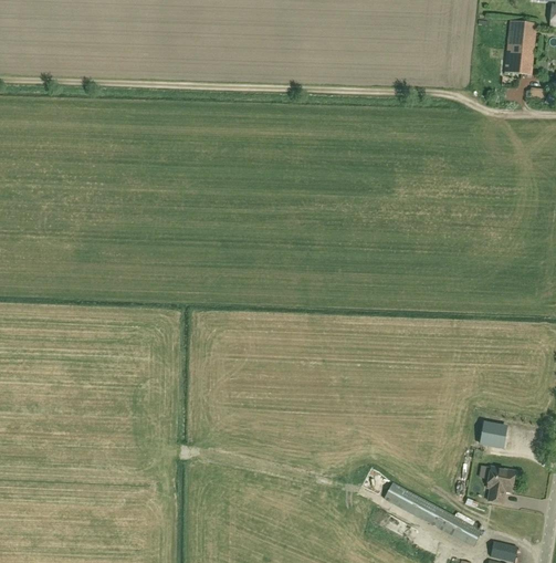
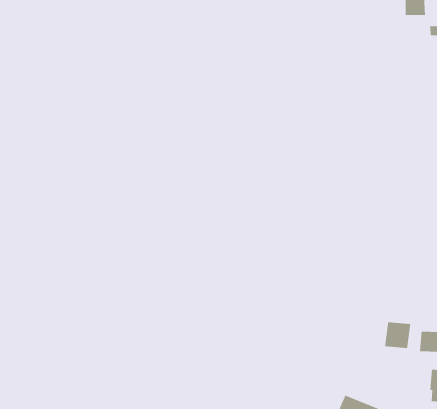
building: none -> [384,321,411,349]

